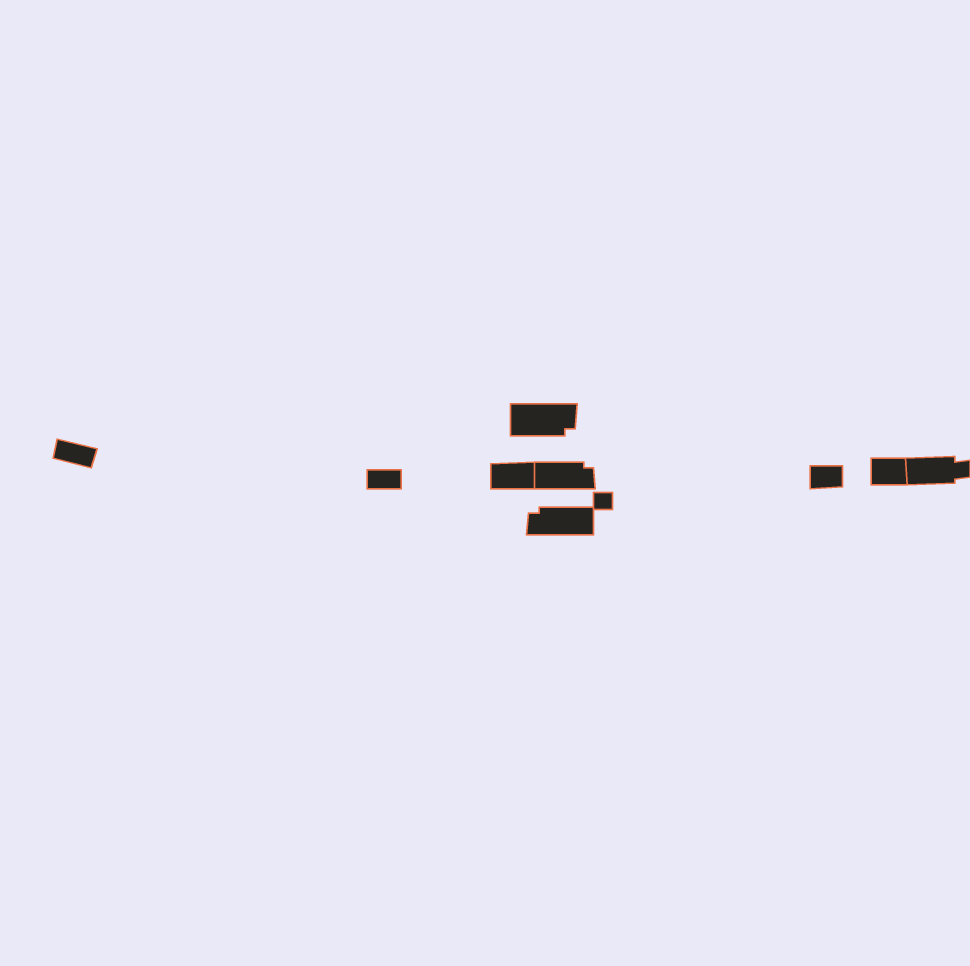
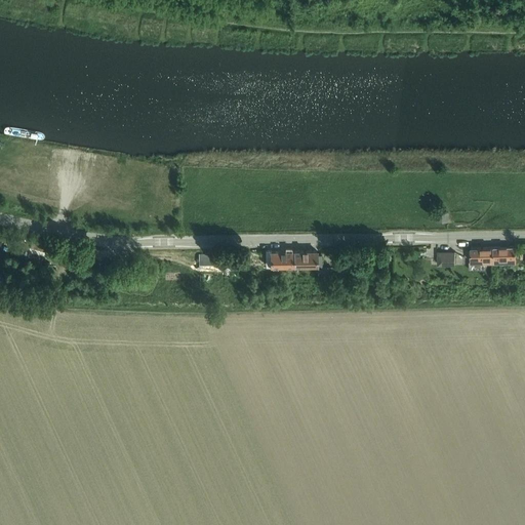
building: [510,404,577,436] -> none
building: [526,507,593,535] -> none

